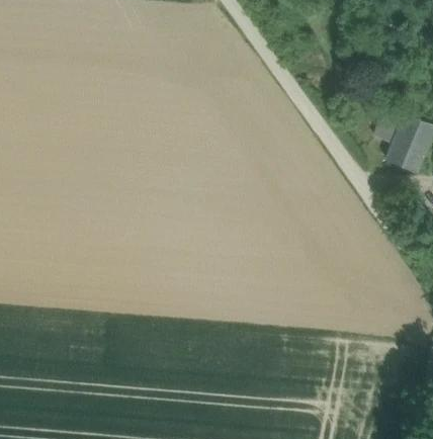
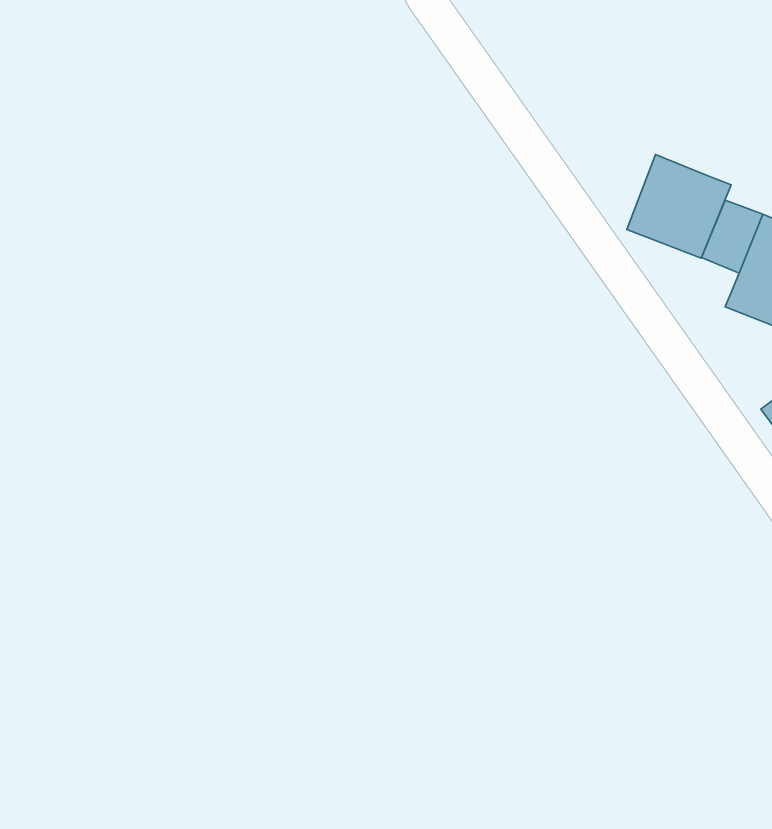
building: none -> [627,155,731,258]

